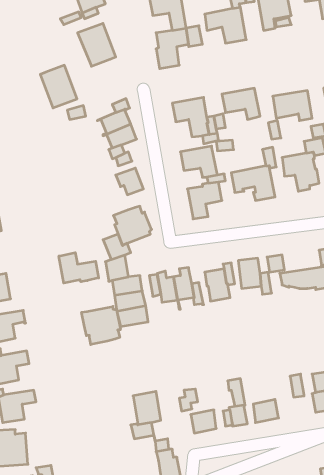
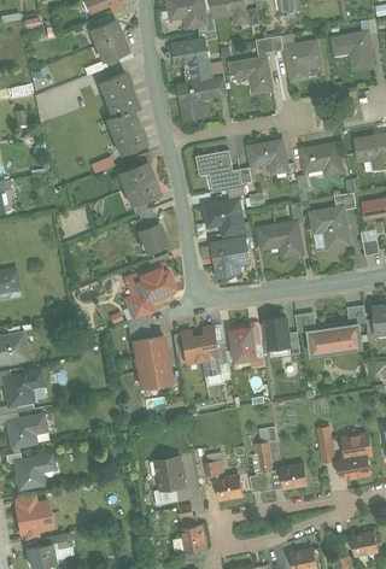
building: [40,65,77,108] -> [106,110,145,154]
building: [59,253,99,283] -> none
building: [82,306,120,345] -> none

